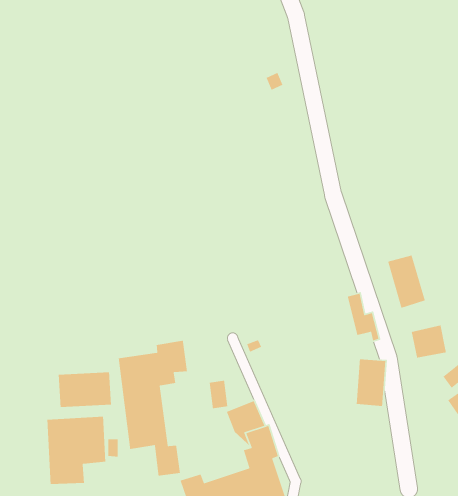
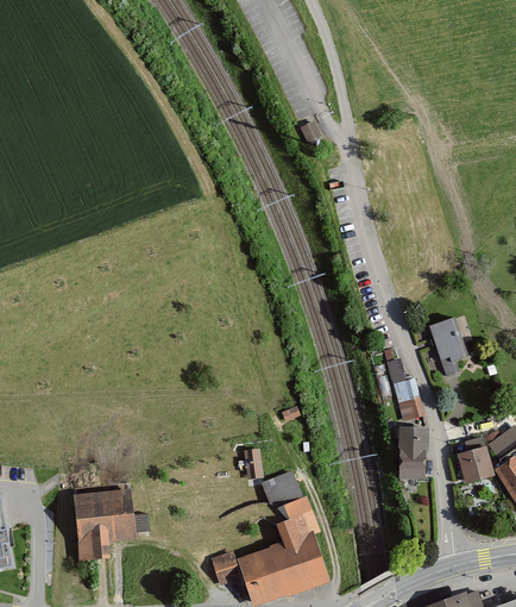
building: [411,325,447,358] -> [457,446,495,482]
building: [118,340,188,477] -> none
building: [58,372,112,408] -> none

